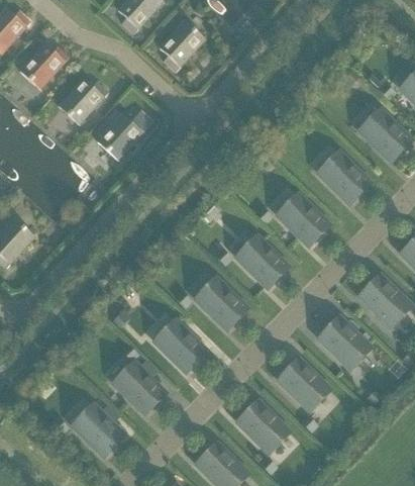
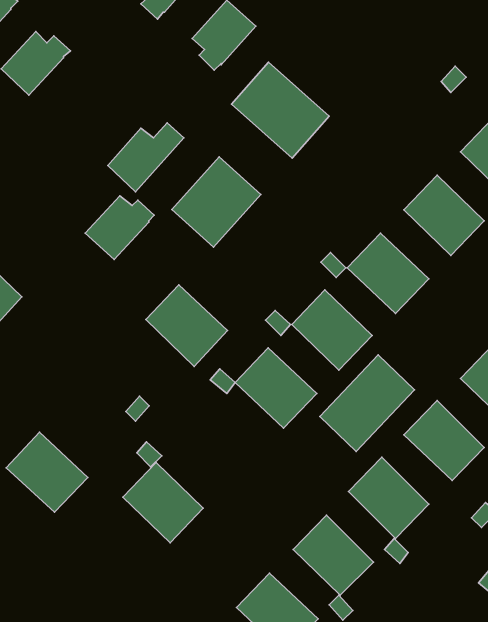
building: none -> [232,62,329,158]
building: [59,78,109,124] -> [85,196,154,259]
building: none -> [172,157,261,247]
building: none -> [320,355,415,451]
building: [150,315,210,375] -> [146,285,227,366]
building: [68,400,127,459] -> [6,432,88,512]

